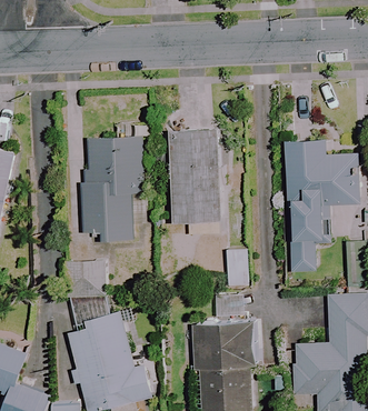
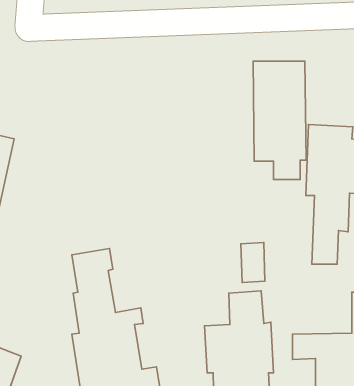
building: [83,126,147,241] -> none
building: [172,130,221,239] -> [253,61,306,179]

